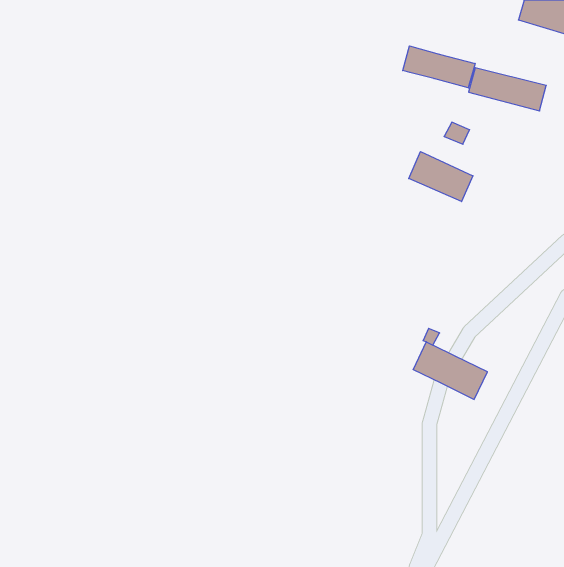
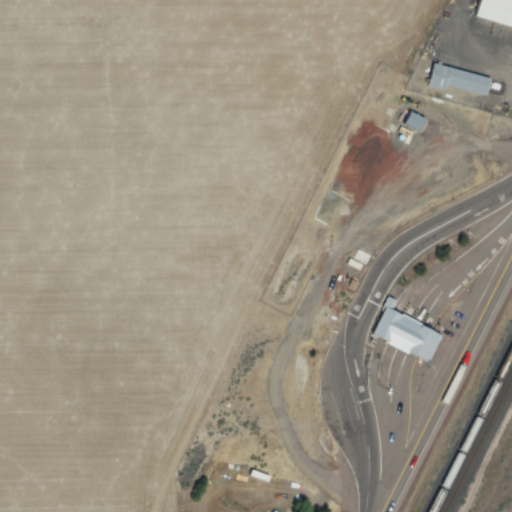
building: [403,46,475,88] -> none
building: [409,152,473,202] -> none

